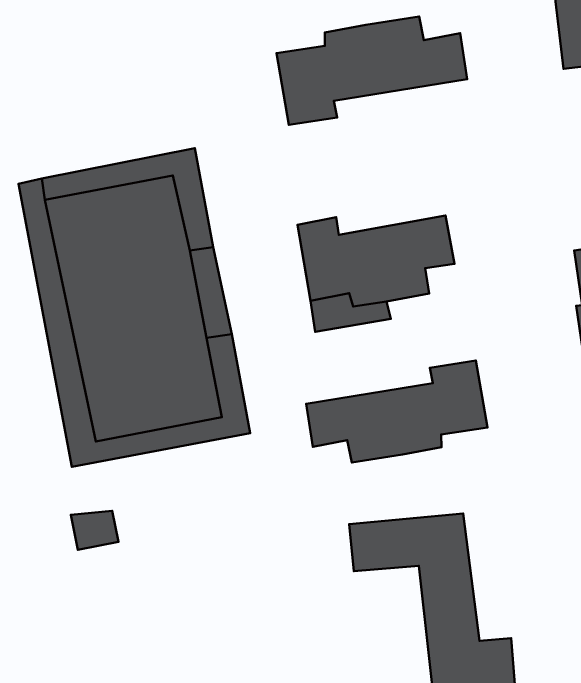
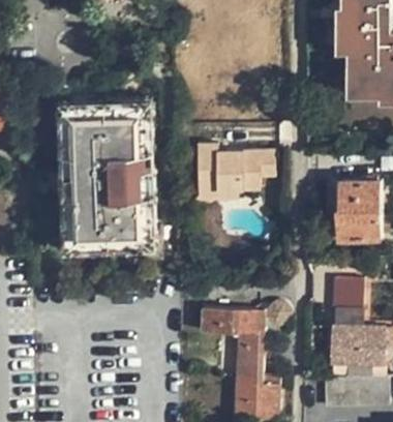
building: [276,16,467,125] -> none
building: [306,361,487,462] -> none

